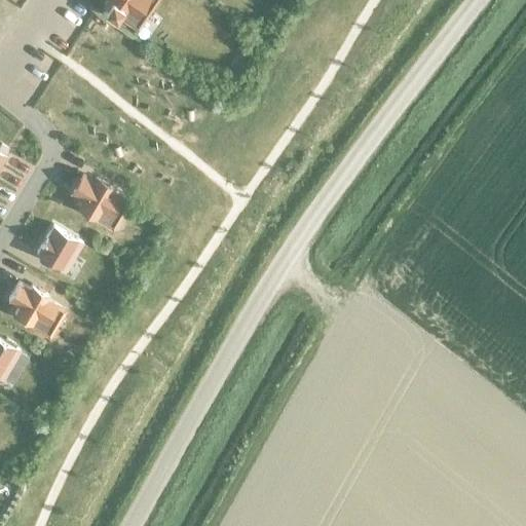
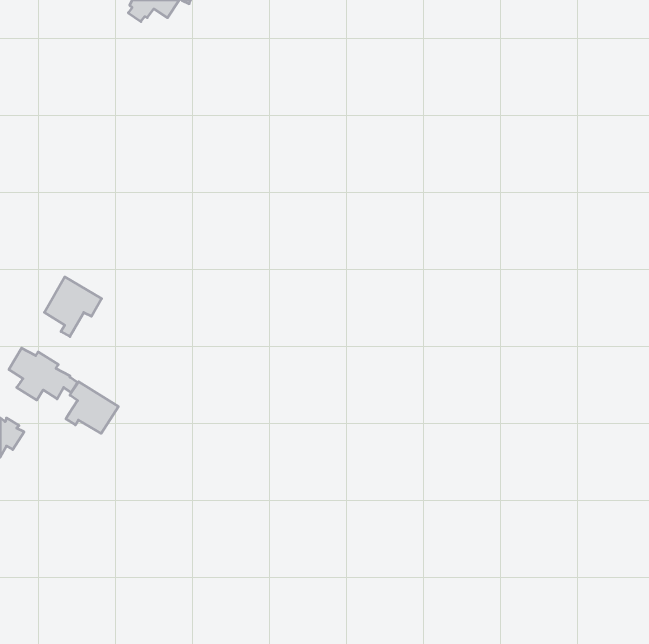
building: [72,180,126,220] -> none
building: none -> [66,382,118,433]

